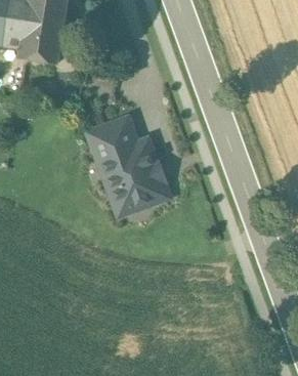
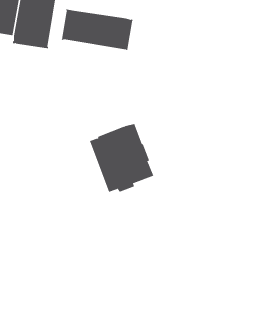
building: none -> [61,8,133,51]
building: [89,118,135,158] -> none

